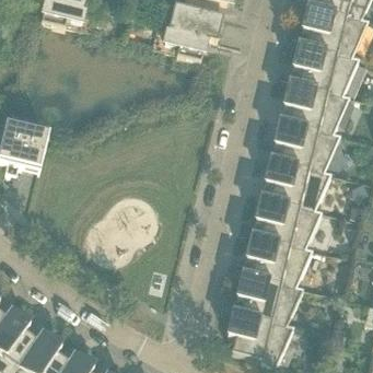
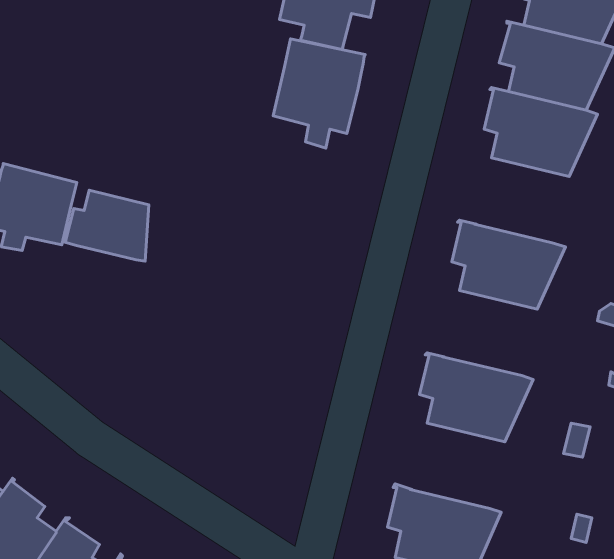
building: none -> [273,39,365,148]
building: [273,117,339,168] -> none
building: none -> [63,190,149,261]
building: [255,194,320,245] -> none
building: [236,269,303,322] -> none

